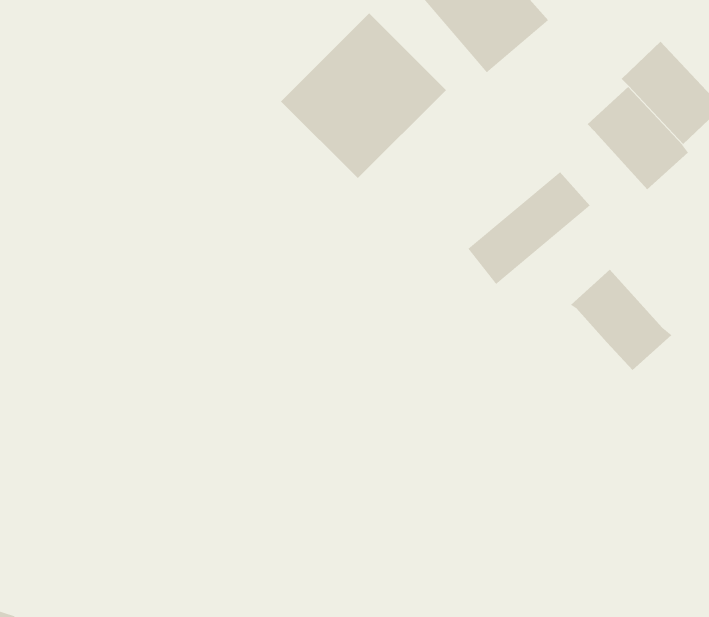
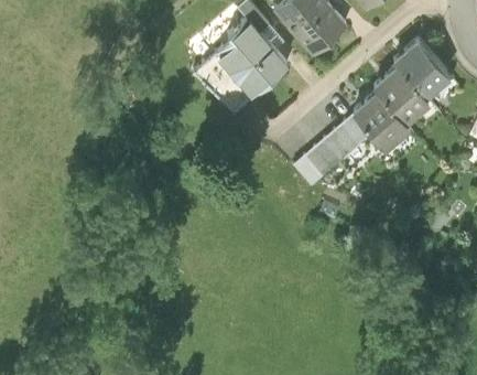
building: [570,269,672,371] -> [355,88,414,148]

